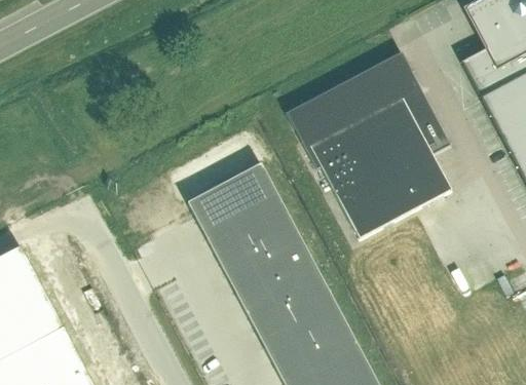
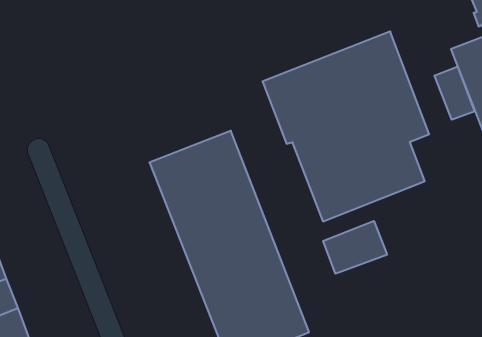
building: none -> [435,66,474,120]
building: none -> [323,221,387,274]

